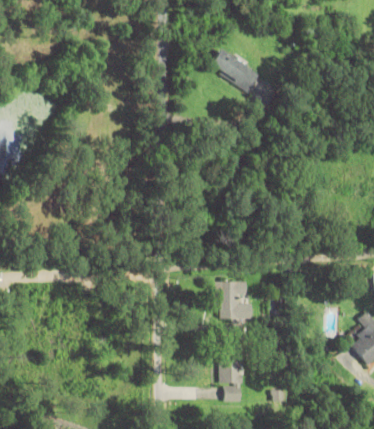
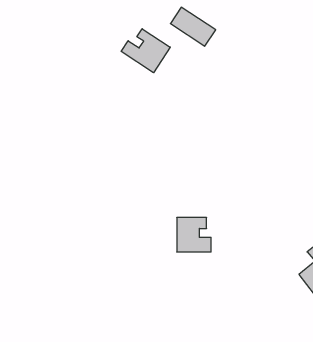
building: none -> [121,29,170,73]
building: [220,364,240,402] -> none

